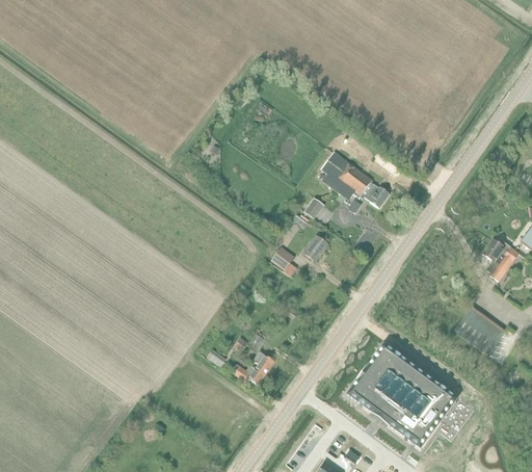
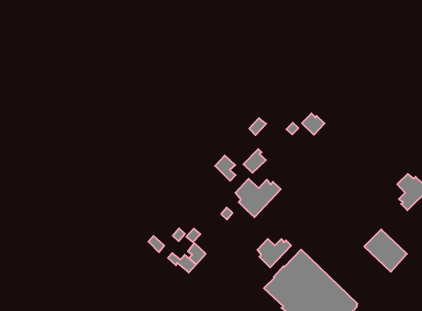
building: [322,151,374,201] -> none
building: none -> [235,179,281,217]
building: none -> [257,239,291,267]

